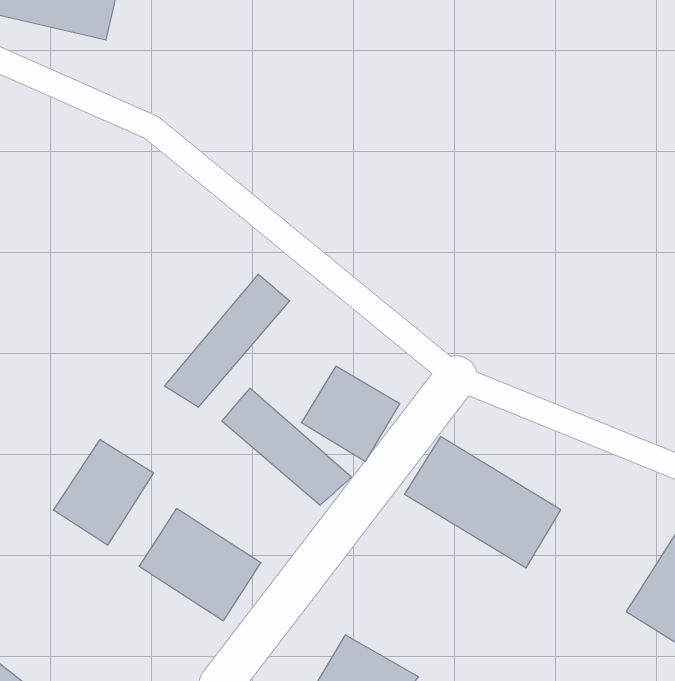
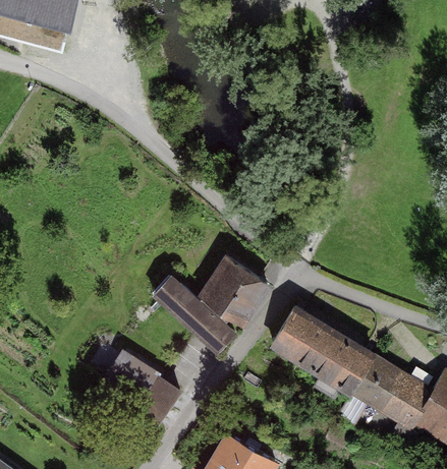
building: [164,274,290,407] -> none
building: [53,439,153,545] -> none
building: none -> [356,357,427,422]

